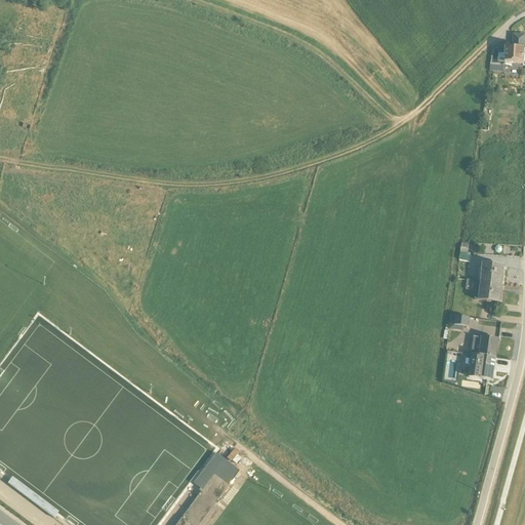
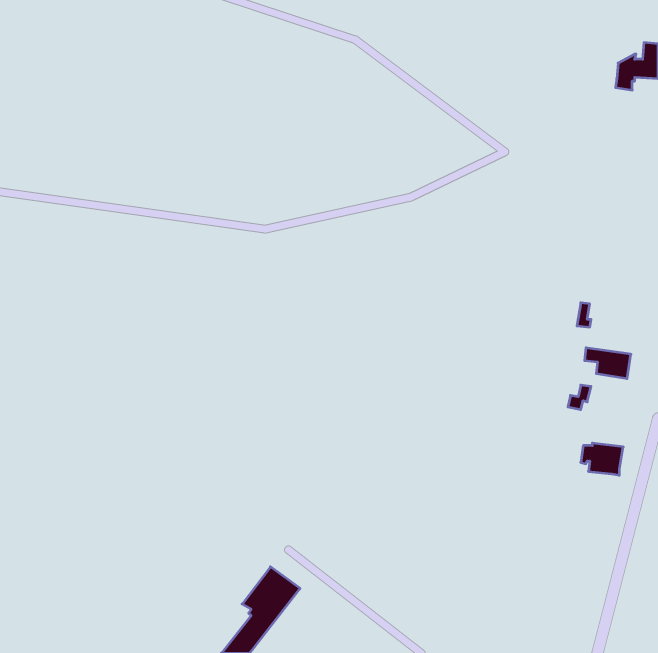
building: [478,264,504,282] -> none
building: [470,333,498,356] -> none

